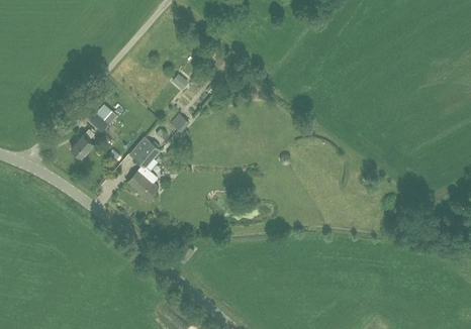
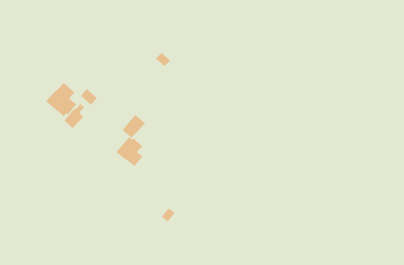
building: none -> [45,82,77,117]

